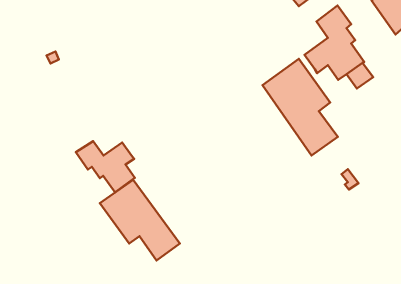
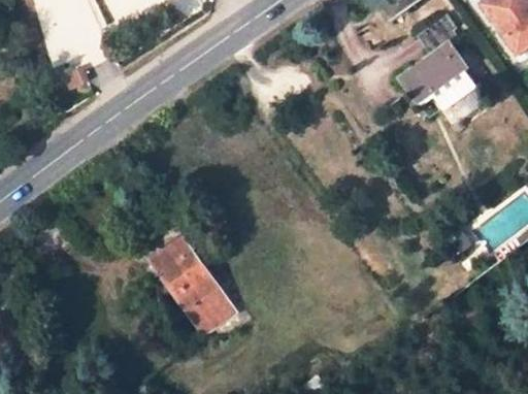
building: [262,59,338,155] -> none
building: [76,141,135,192] -> none

